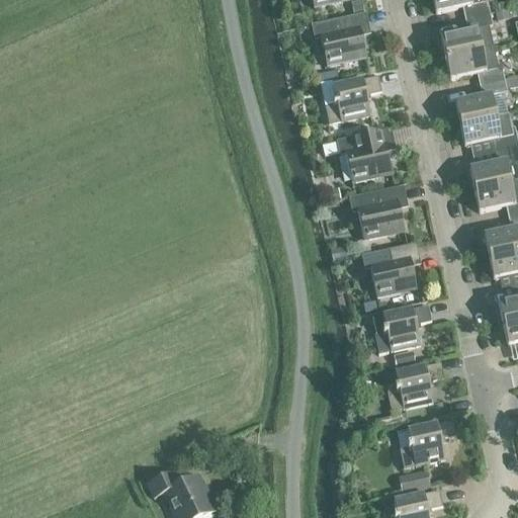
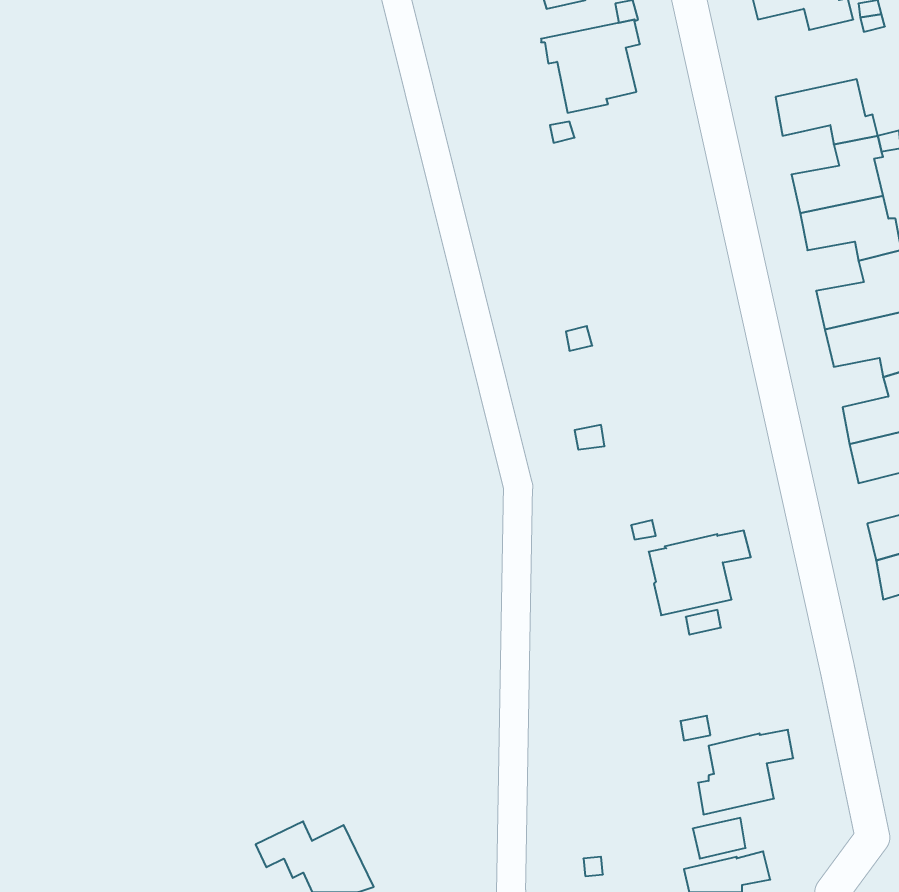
building: [441,11,493,56] -> none
building: [327,75,382,123] -> none
building: [338,127,394,181] -> none
building: [350,184,406,238] -> none
building: [362,242,418,295] -> none
building: [384,361,444,410] -> none

